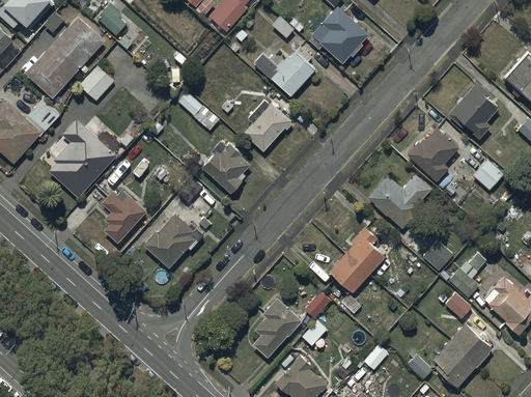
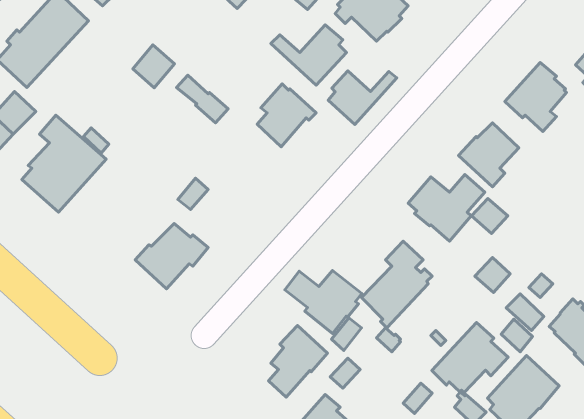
building: [80,65,114,101] -> [133,45,174,88]
building: none -> [328,71,397,124]
building: [202,140,250,193] -> none
building: [475,164,505,193] -> [471,198,508,234]
building: [102,188,146,242] -> none
building: none -> [285,270,362,333]
building: none -> [432,323,508,392]

